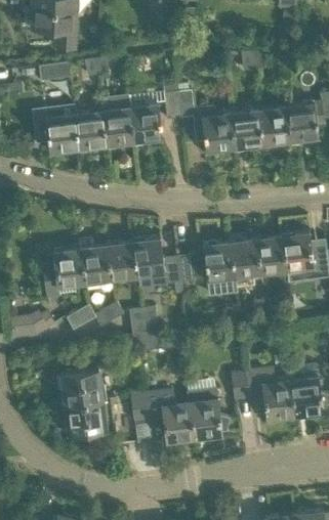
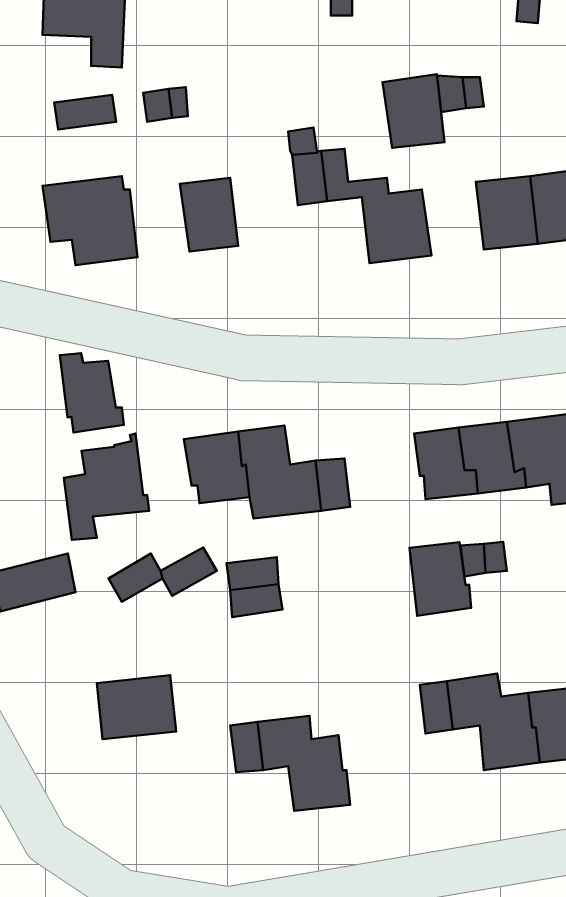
building: [131,104,163,143] -> none
building: [233,110,265,148] -> [383,74,445,148]
building: [78,111,110,149] -> none
building: [81,242,115,284] -> [60,353,124,433]
building: [202,243,235,281] -> [409,542,471,616]
building: [188,391,230,439] -> none
building: [64,400,114,436] -> none

